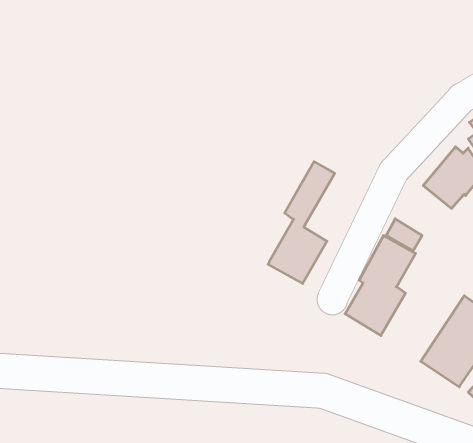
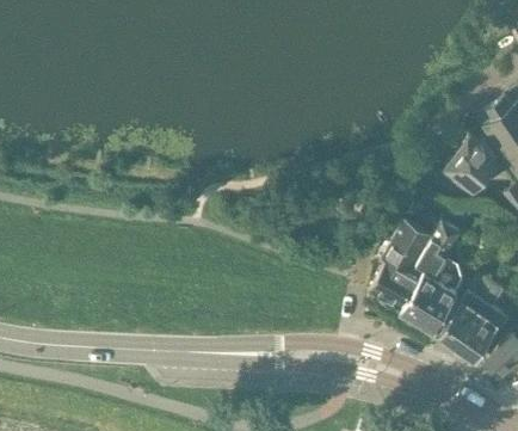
building: [268,162,335,284] -> [403,220,465,333]

